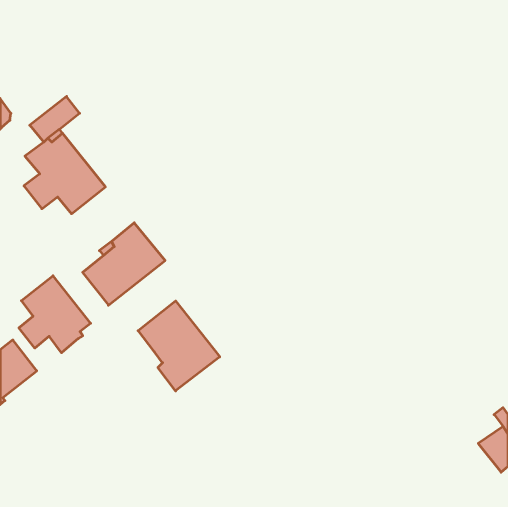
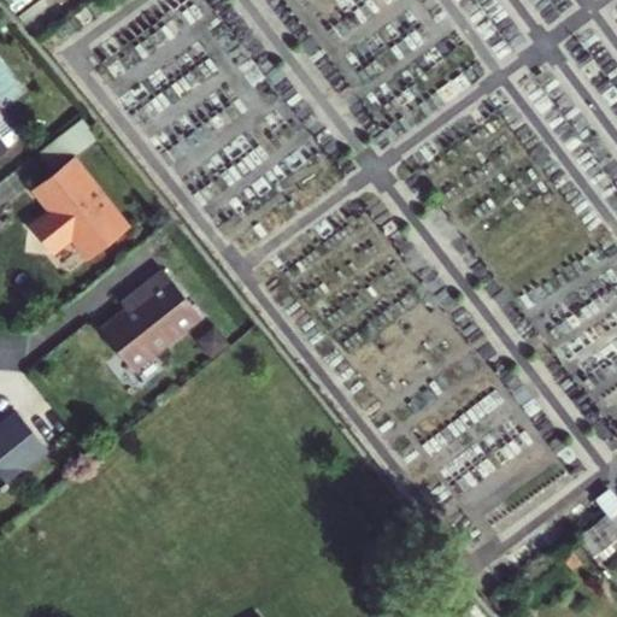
building: [19,276,91,353] -> none
building: [138,301,220,391] -> none

